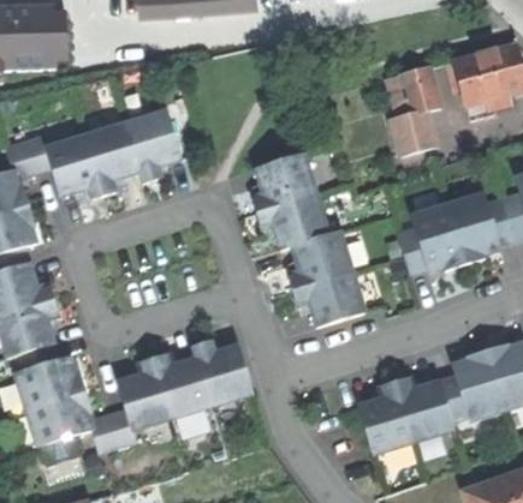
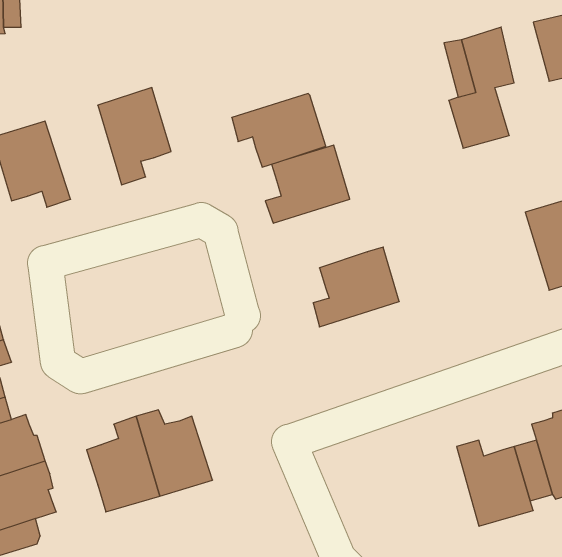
building: [85,122,139,193] -> none
building: [257,193,328,248] -> [232,94,326,167]
building: [398,203,465,273] -> none
building: [292,270,364,325] -> none
building: [192,340,252,405] -> none
building: [358,379,412,451] -> none
building: [90,408,135,450] -> none

